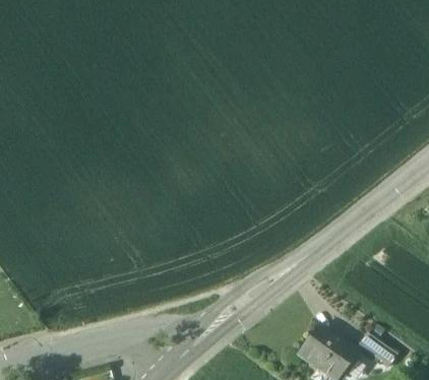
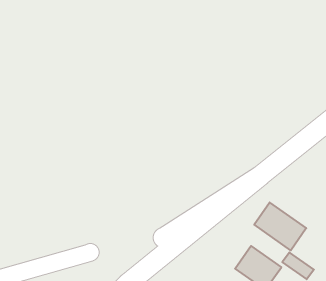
building: none -> [254,202,306,250]

